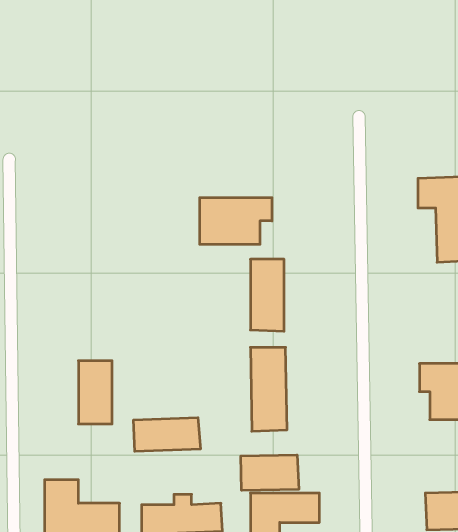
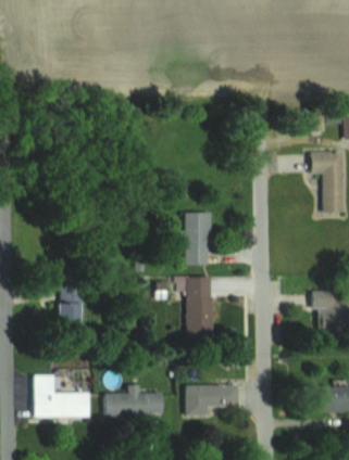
building: [200,198,272,244] -> none
building: [134,418,200,451] -> none
building: [241,455,299,490] -> none

